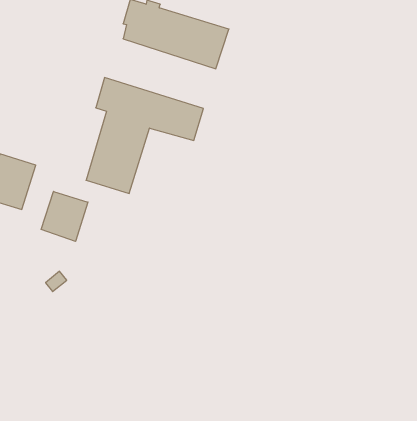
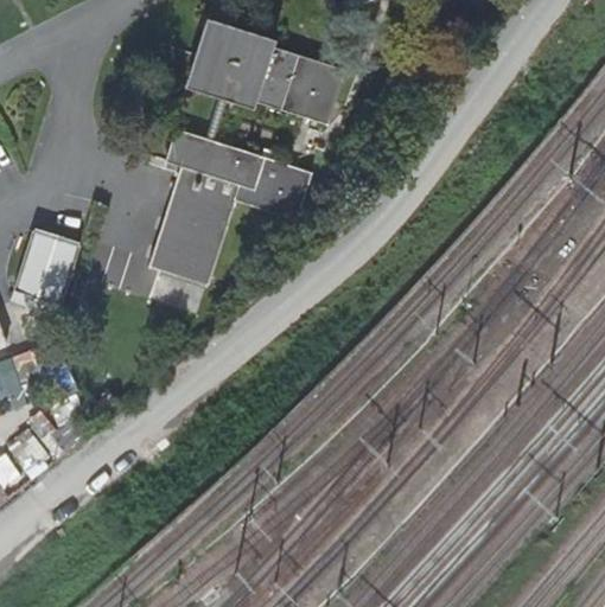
building: [41,191,88,241] -> none

